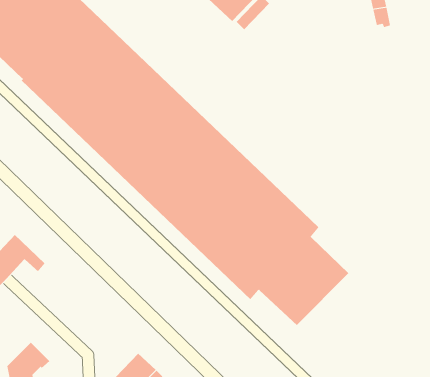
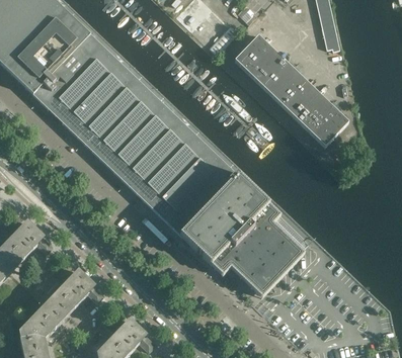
building: none -> [235,33,348,145]
building: none -> [41,270,103,326]

